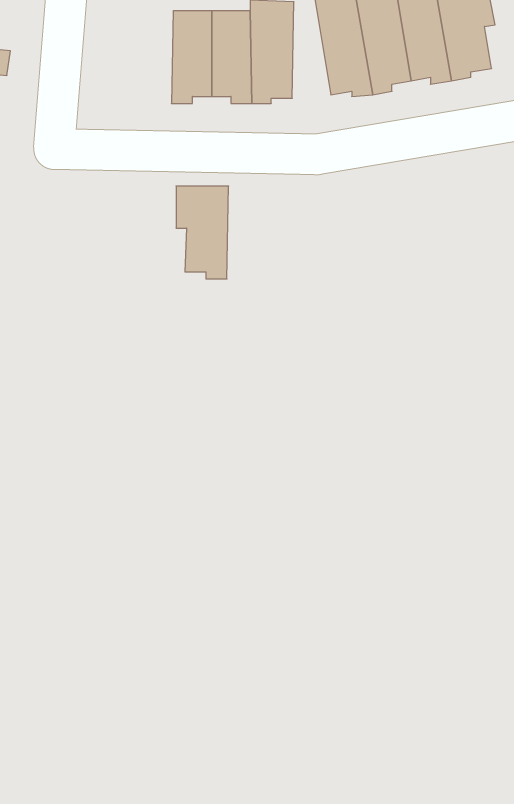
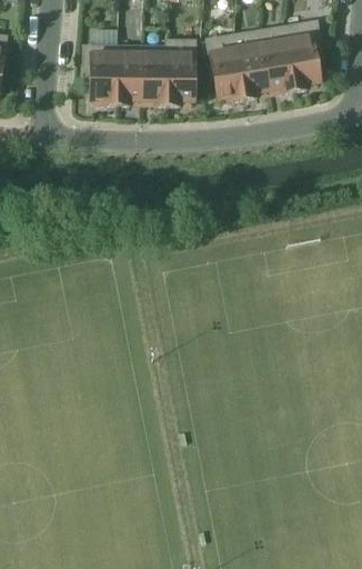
building: [176,186,229,279] -> [84,47,118,106]

